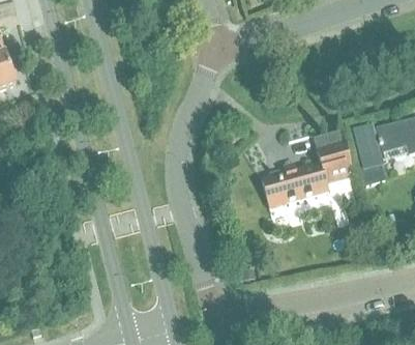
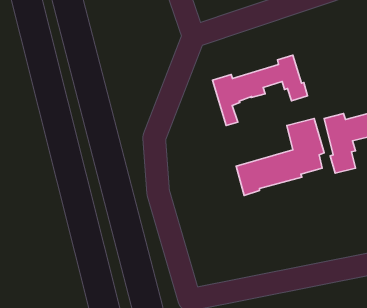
building: none -> [213,55,307,125]

